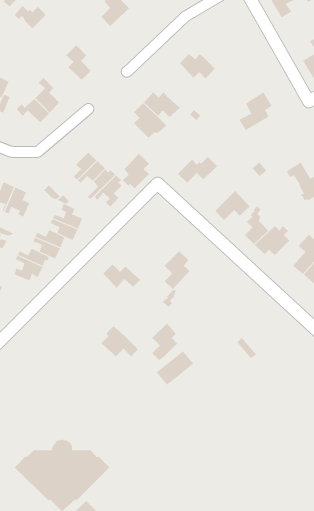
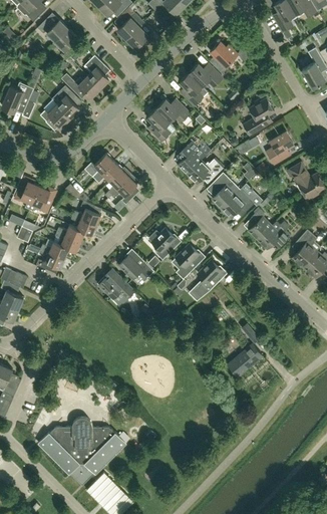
building: none -> [125,26,158,49]
building: none -> [53,28,78,59]
building: none -> [210,41,237,73]
building: none -> [179,72,208,106]
building: none -> [60,73,99,98]
building: none -> [266,133,293,165]
building: [122,153,150,189] -> [176,141,201,174]
building: none -> [212,174,240,208]
building: none -> [148,229,175,260]
building: [152,323,178,361] -> [197,260,221,295]
building: [100,326,139,357] -> [98,269,133,298]
building: [156,350,194,386] -> [227,344,262,376]

